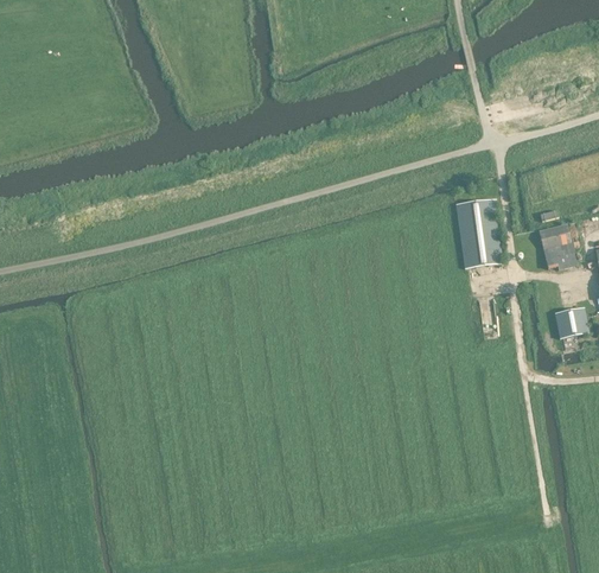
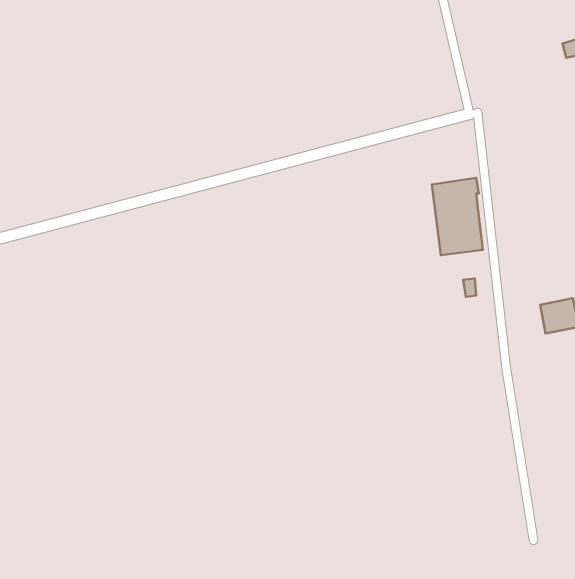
building: [539,223,576,269] -> none

